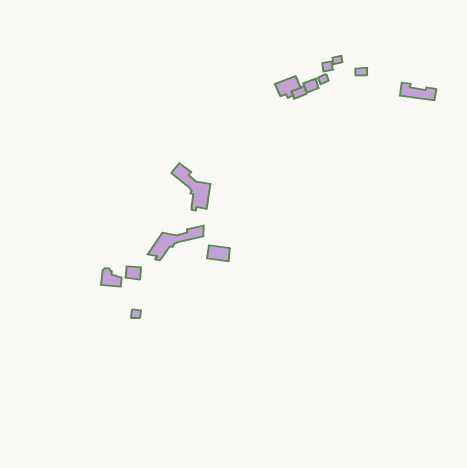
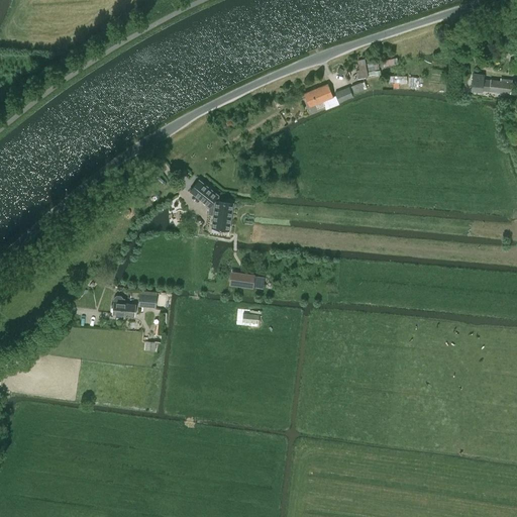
building: [400,83,436,100] -> [471,74,511,93]
building: [147,225,204,260] -> none

